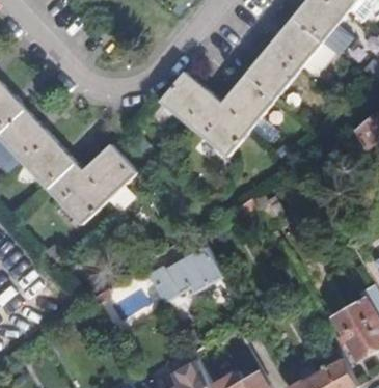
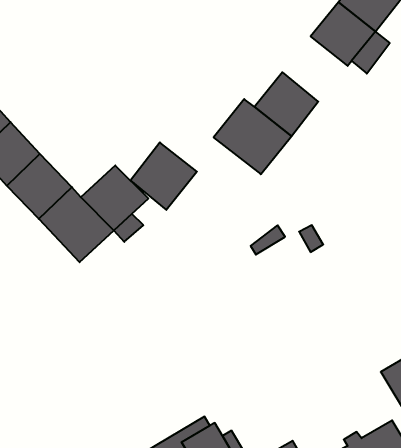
building: [249,45,302,98] -> none
building: [164,72,218,127] -> [130,142,197,210]
building: [163,247,219,294] -> none

